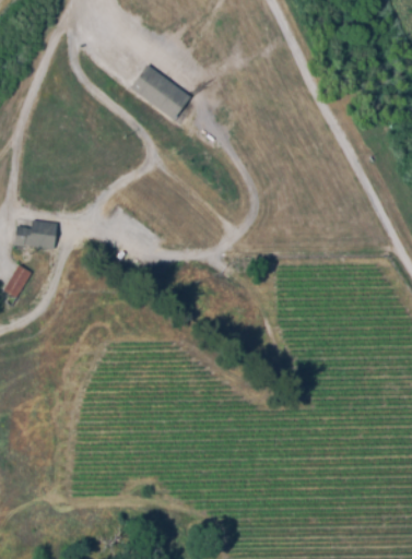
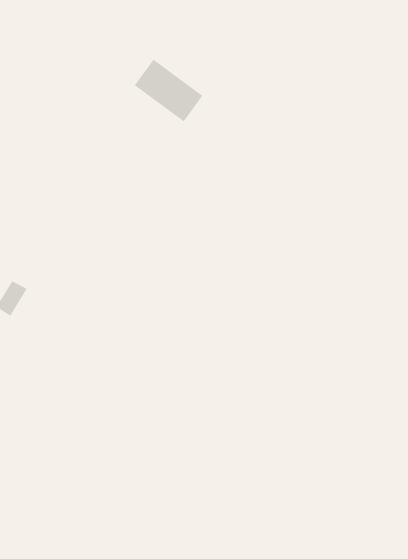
building: [13,222,58,251] -> none

